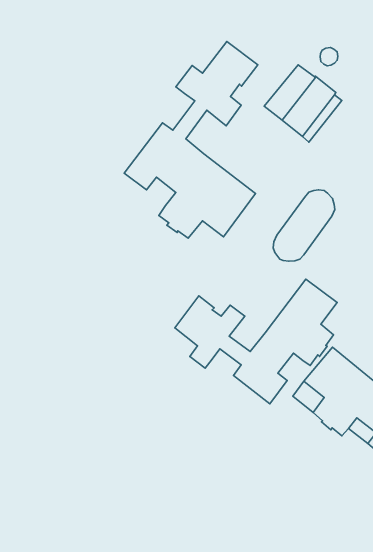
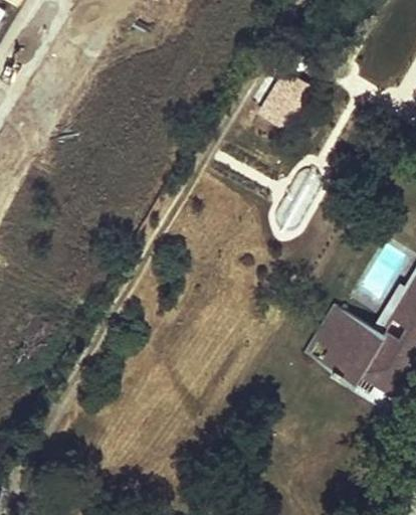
building: [124,41,258,238] -> none
building: [175,279,337,404] -> none

